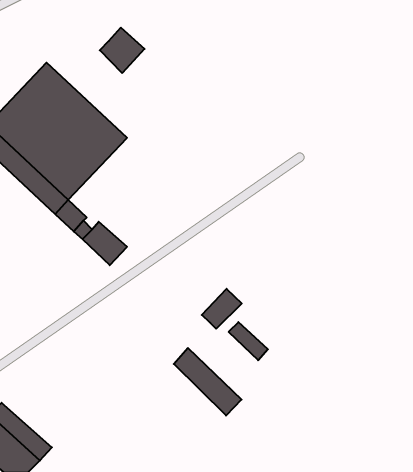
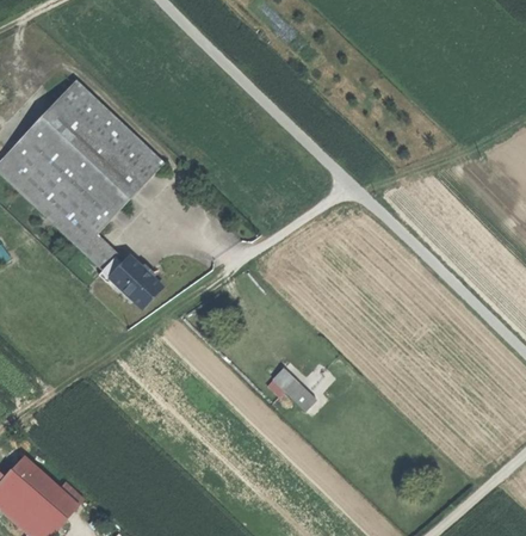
building: [100,28,145,73] -> none
building: [202,289,242,329] -> none
building: [174,348,242,416] -> none

